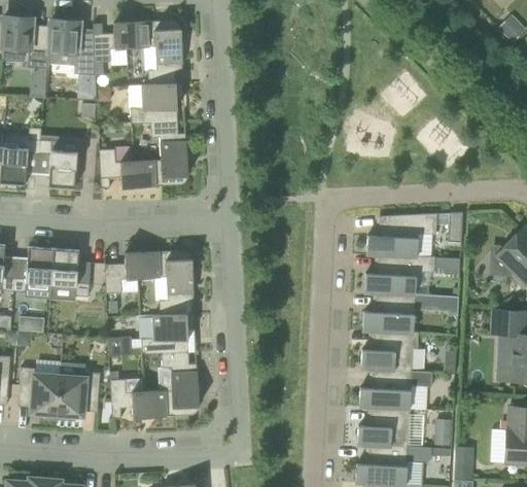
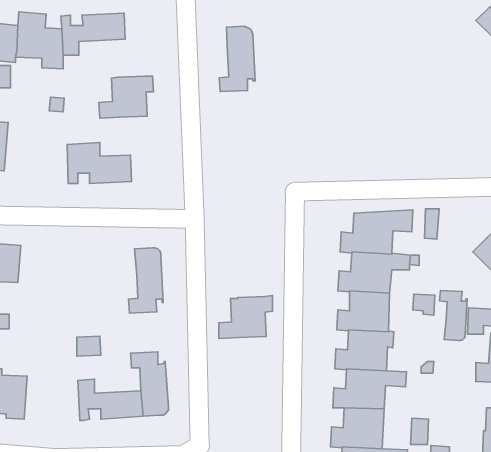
building: [148,20,183,83] -> [219,26,255,91]
building: [151,121,185,185] -> none
building: [39,140,78,188] -> none
building: [51,248,90,297] -> none
building: [105,251,168,293] -> none
building: none -> [440,290,467,340]
building: [142,312,195,354] -> [219,295,273,339]
building: [58,372,100,419] -> none

